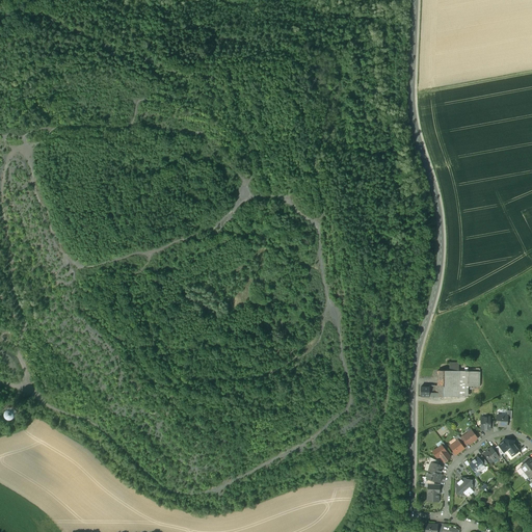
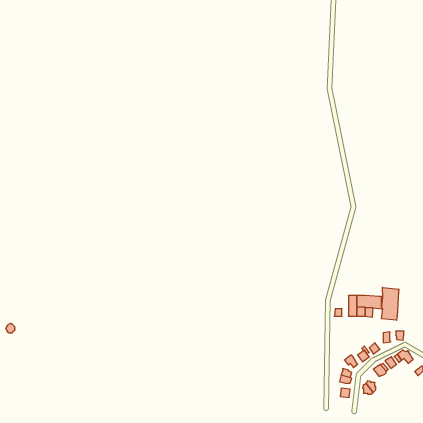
building: none -> [382,287,399,320]

